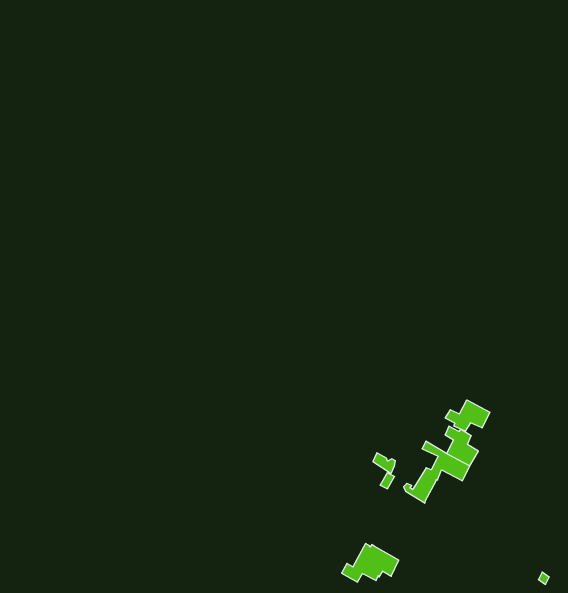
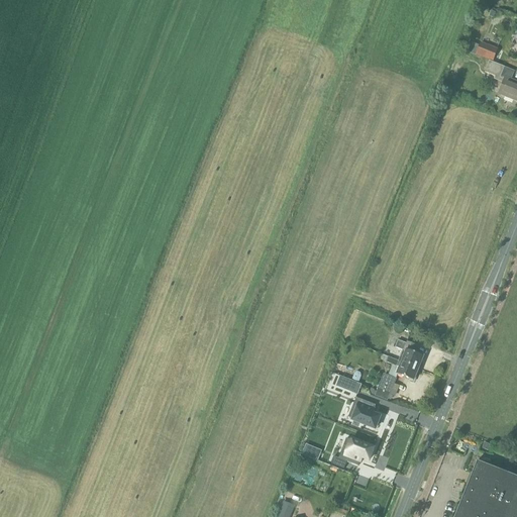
building: [445,400,490,431] -> none
building: none -> [348,397,380,428]

